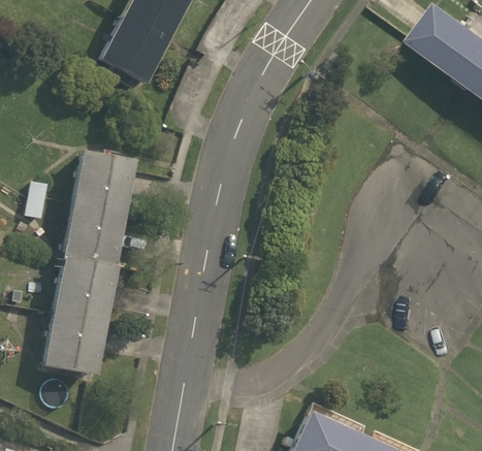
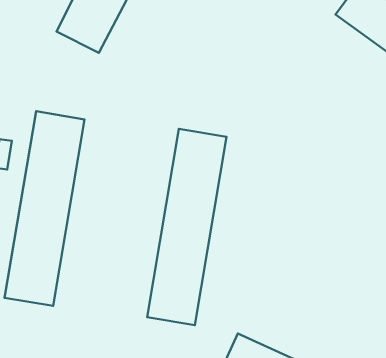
building: none -> [147,129,227,325]

